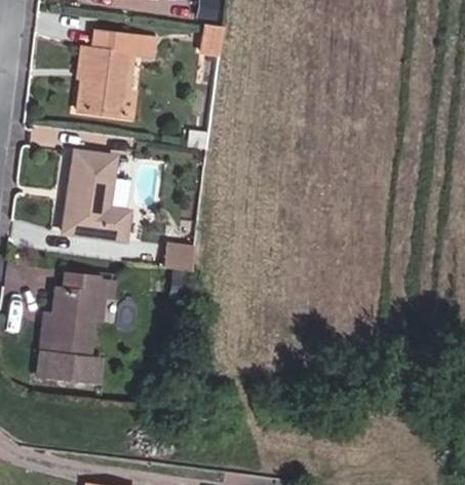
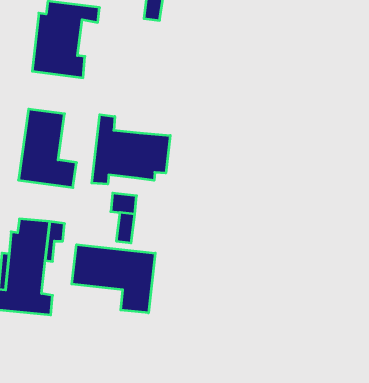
building: none -> [92,115,170,184]
building: none -> [72,245,155,313]

